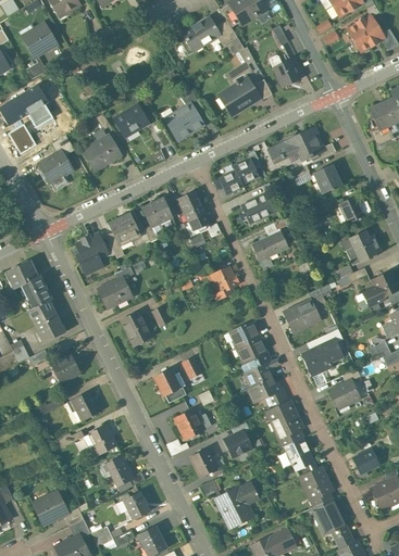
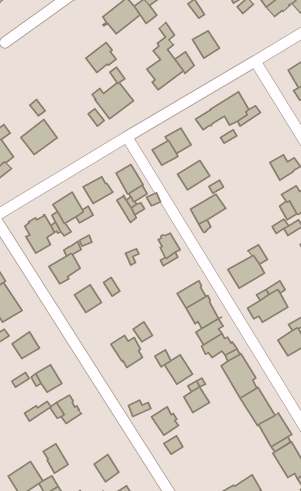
building: [114,104,146,135] -> [86,43,116,73]
building: [313,163,342,191] -> none
building: [175,408,203,439] -> [165,355,193,384]
building: [108,455,133,485] -> [43,444,68,473]
building: [215,482,259,528] -> none

